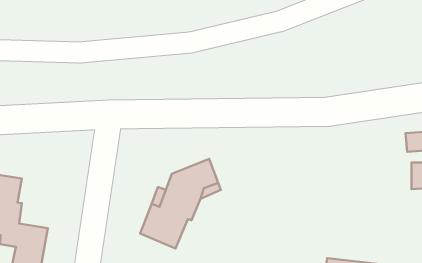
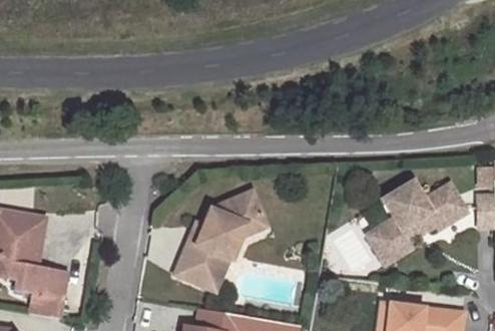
building: none -> [368,183,466,264]

